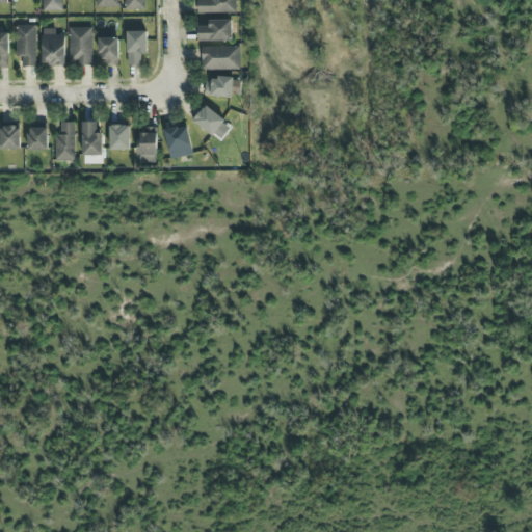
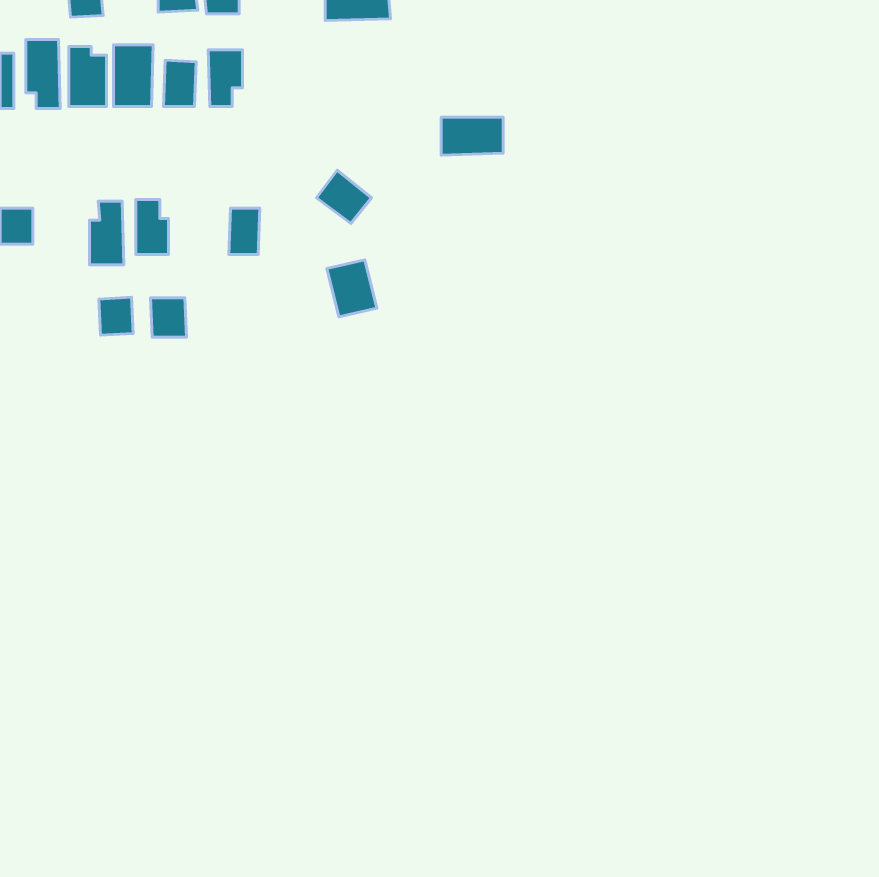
building: [197,19,232,41] -> none
building: [202,46,239,69] -> [441,117,503,155]
building: [204,77,233,96] -> none
building: [108,125,130,149] -> [150,298,187,337]
building: [163,125,193,159] -> [327,260,377,317]
building: [27,127,48,150] -> [99,297,133,335]

